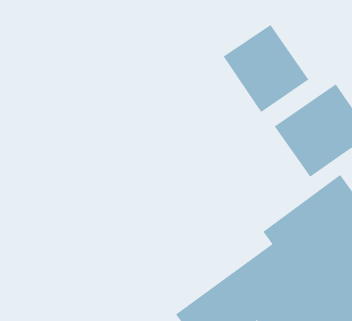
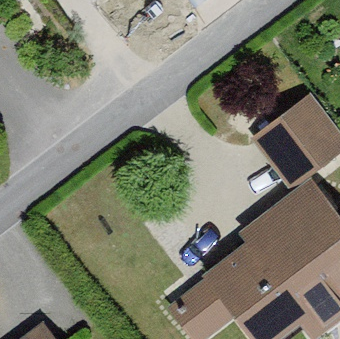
building: [223,24,309,113] -> none

